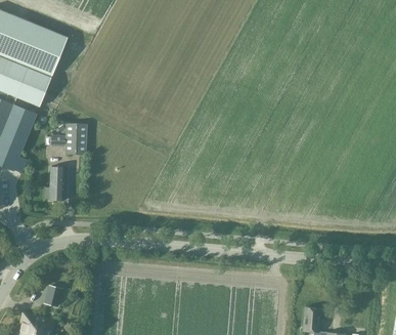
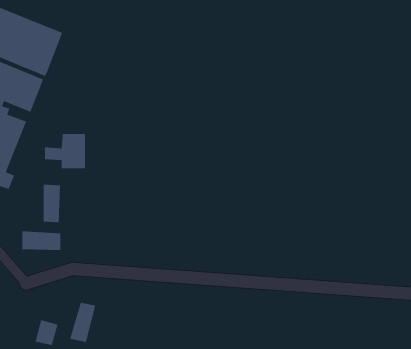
building: none -> [21,230,61,251]
building: none -> [69,302,96,343]

